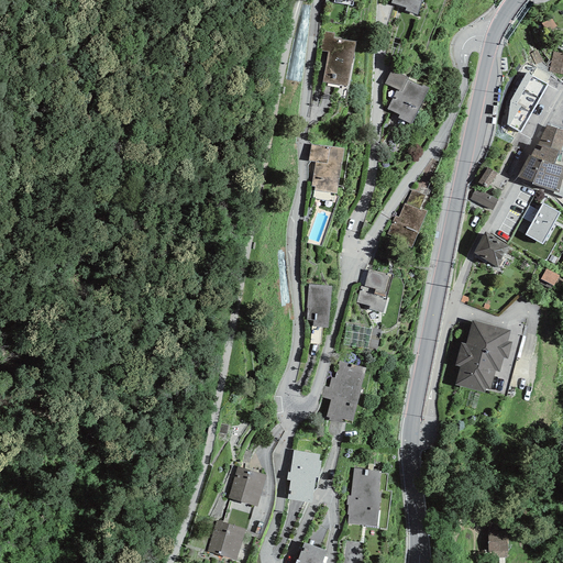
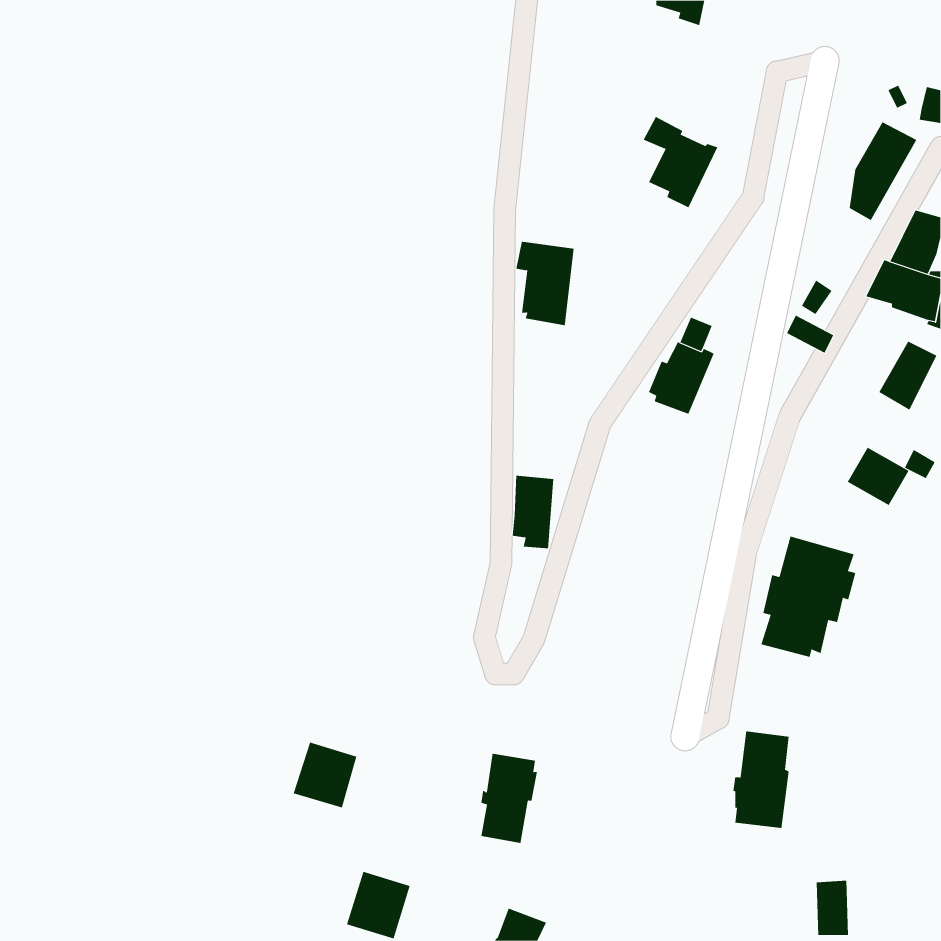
building: [320,31,356,86] -> none
building: [473,232,510,267] -> [847,447,910,506]
building: [356,269,388,313] -> none
building: [321,362,365,423] -> none
building: [228,467,266,507] -> [293,742,357,808]
building: [346,468,380,527] -> [733,731,790,828]

